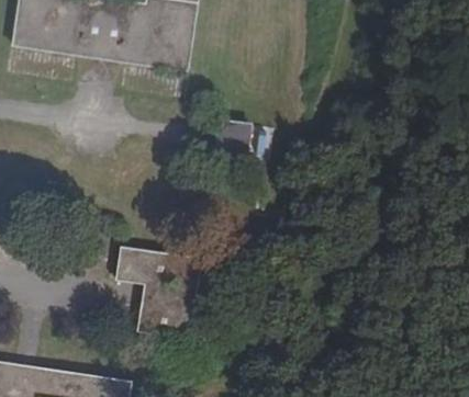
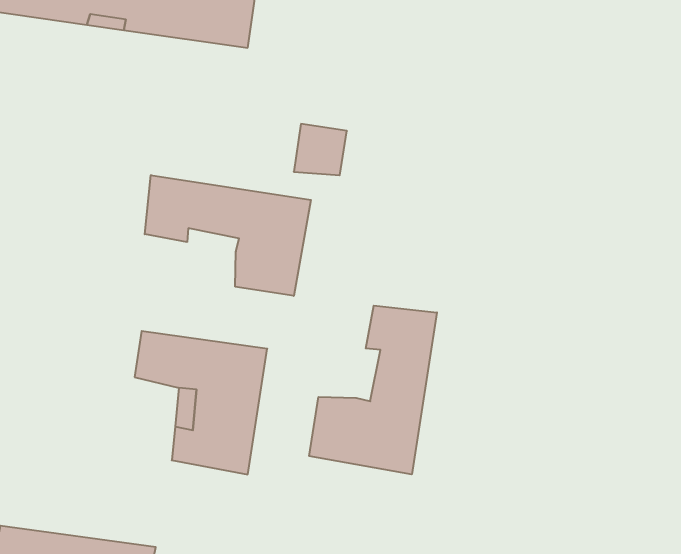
building: none -> [145,175,311,296]
building: none -> [309,306,437,474]

